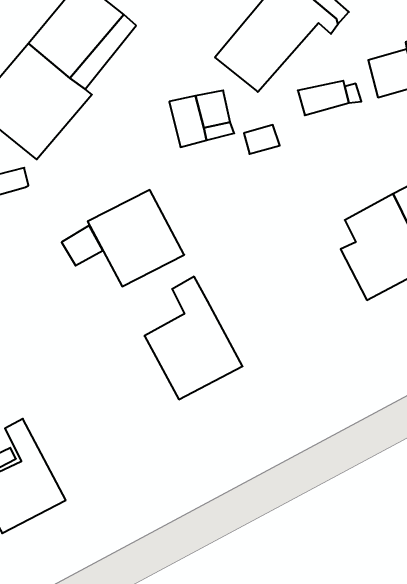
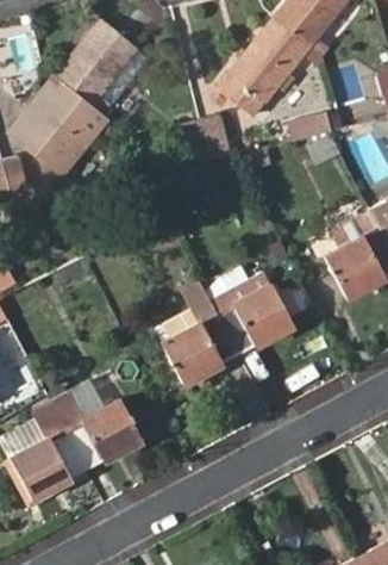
building: [88,190,184,286] -> [211,271,294,354]
building: none -> [51,390,143,470]

